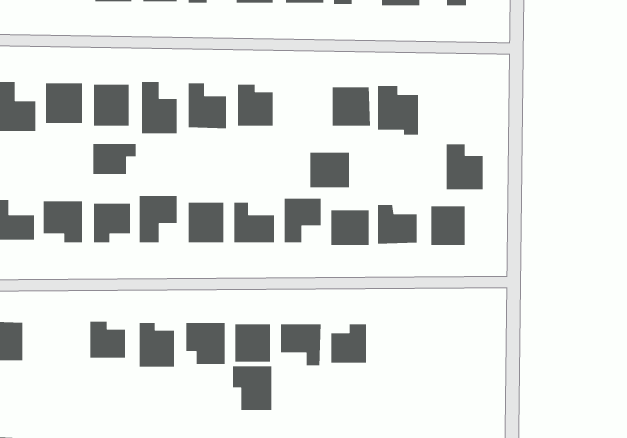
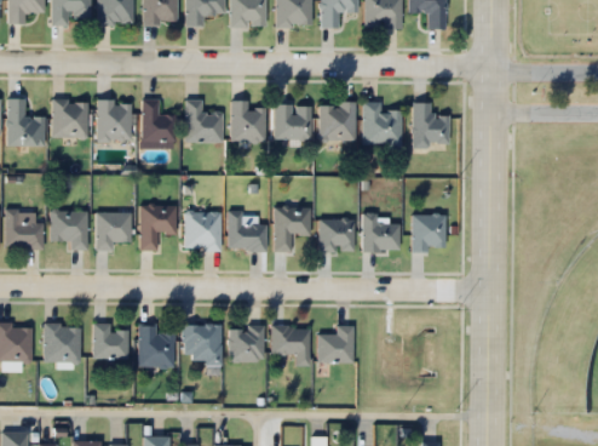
building: [93,143,137,175] -> none
building: [446,144,484,190] -> [413,103,448,147]
building: [309,152,350,188] -> [275,105,312,139]
building: none -> [44,322,80,361]
building: [232,366,272,411] -> none

